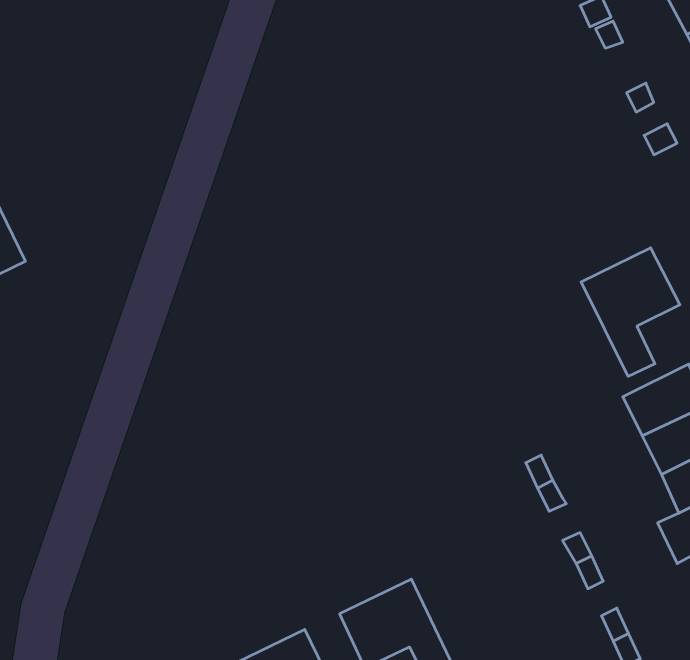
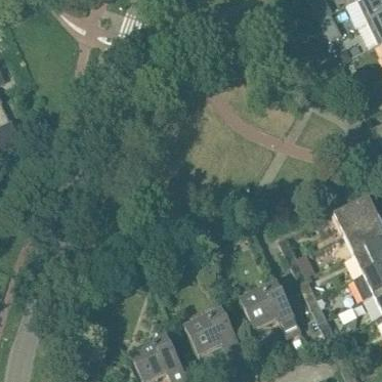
building: [581,248,680,376] -> none
building: none -> [240,280,301,335]

